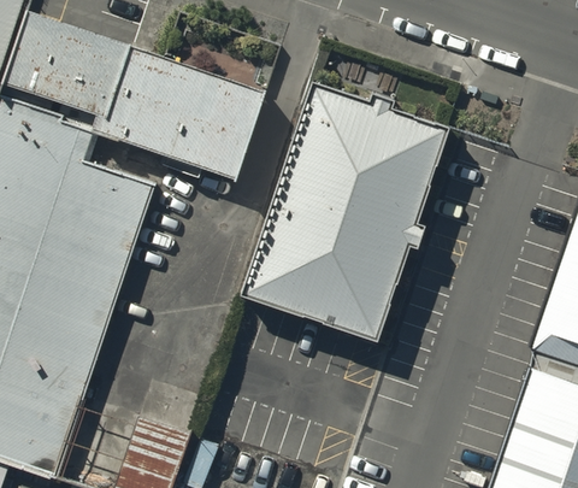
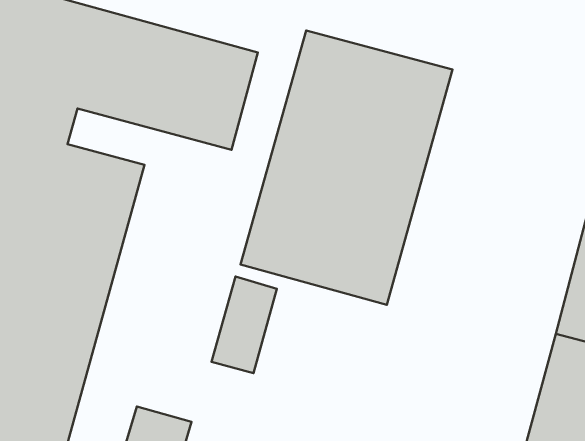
building: none -> [212,276,277,373]

